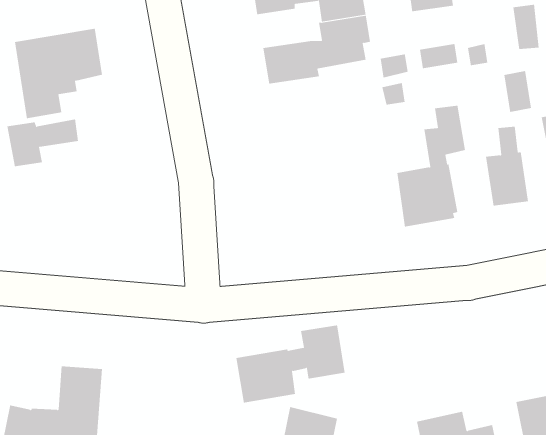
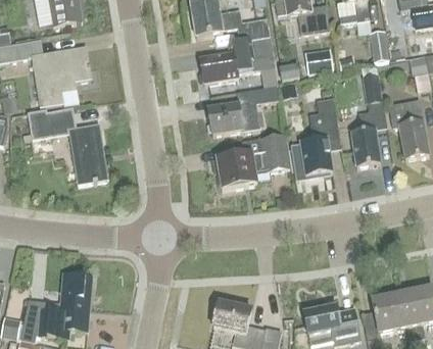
building: none -> [207,85,278,133]
building: none -> [67,122,108,184]
building: [236,325,345,403] -> [215,135,290,188]

